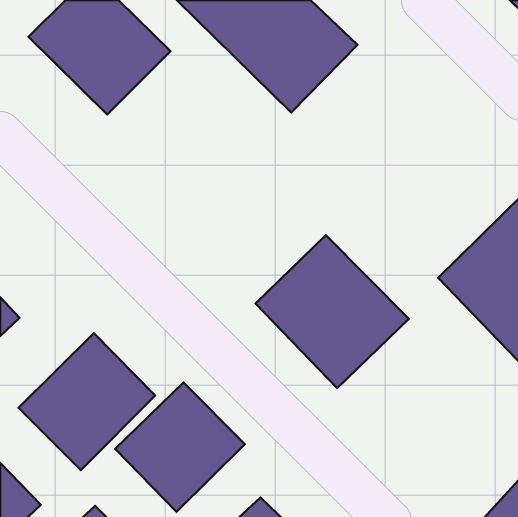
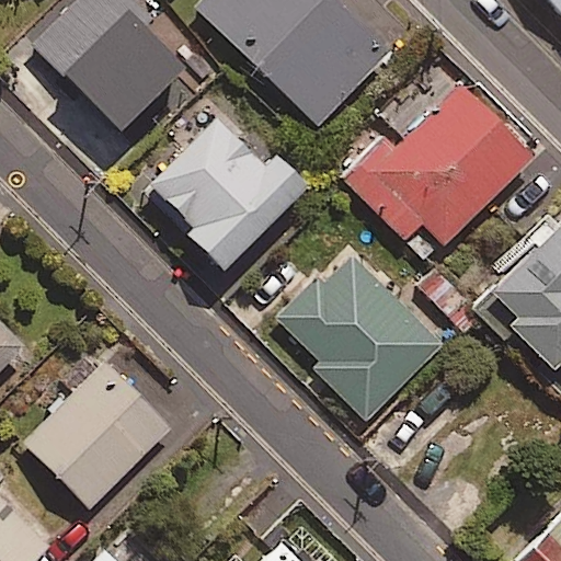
building: none -> [343,83,534,244]
building: none -> [138,107,308,267]
building: [115,383,245,512] -> none

